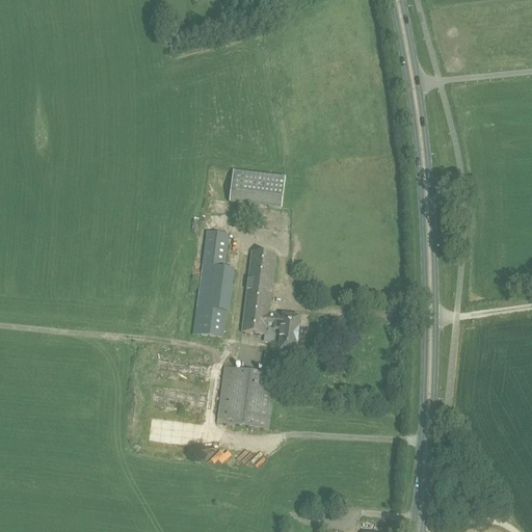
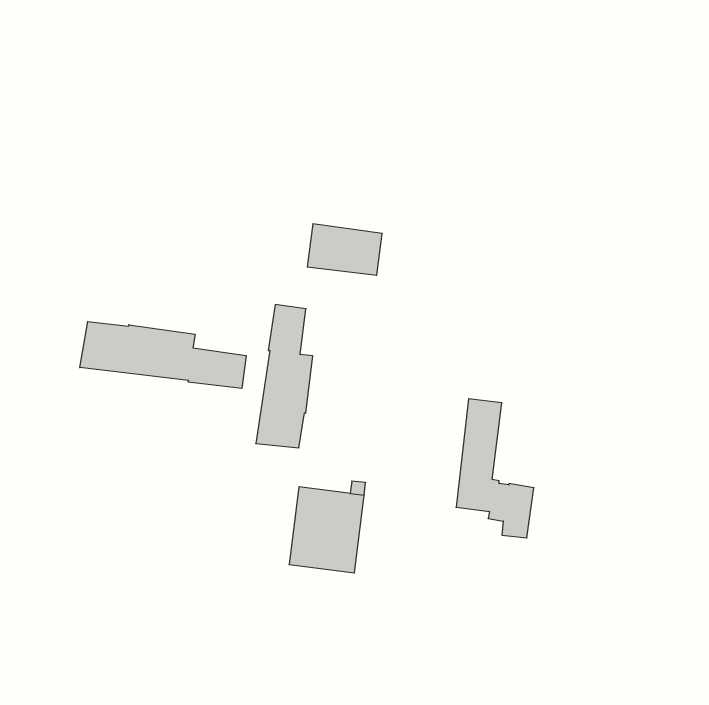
building: none -> [80,322,246,388]
building: [241,248,299,352] -> [456,399,534,538]

